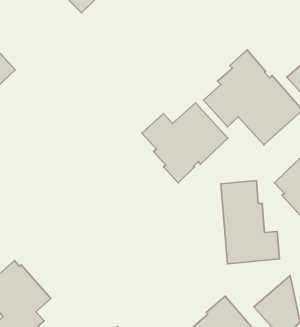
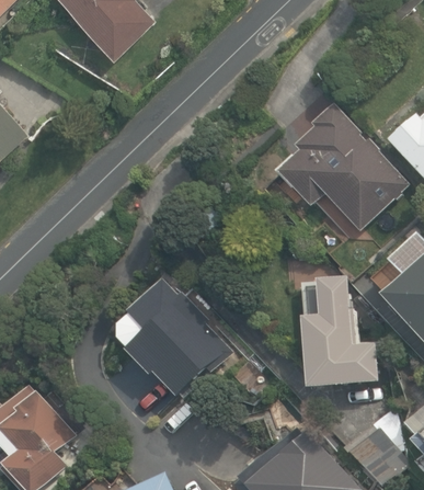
building: [142,103,228,183] -> none
building: none -> [118,282,232,399]

